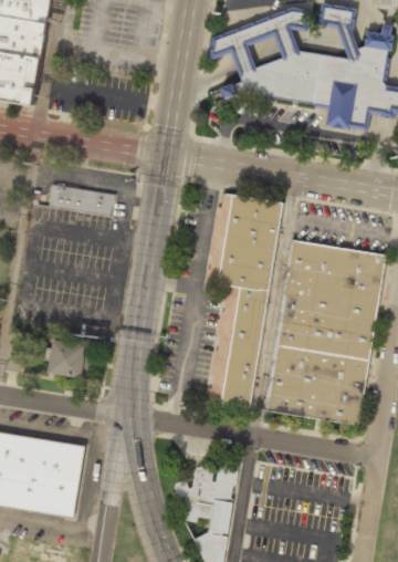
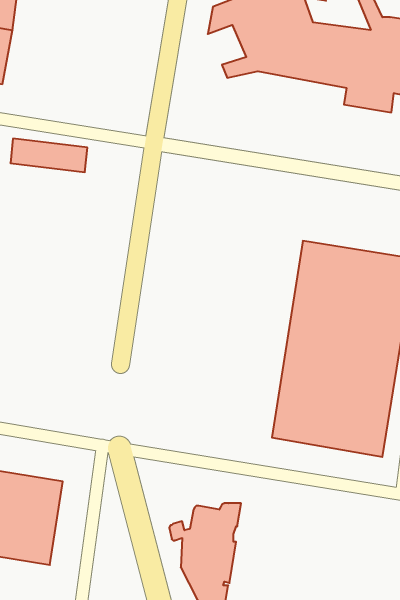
building: [49,186,115,215] -> [10,139,87,172]
building: [205,192,282,406] -> none
building: [49,341,92,378] -> none

